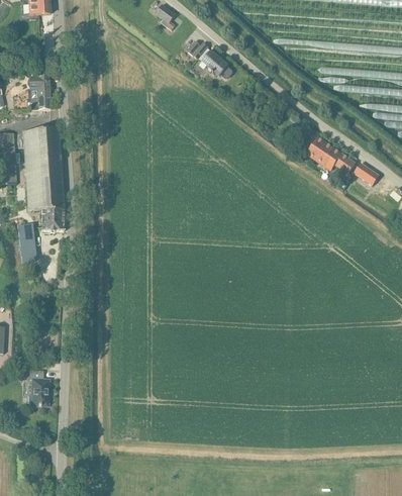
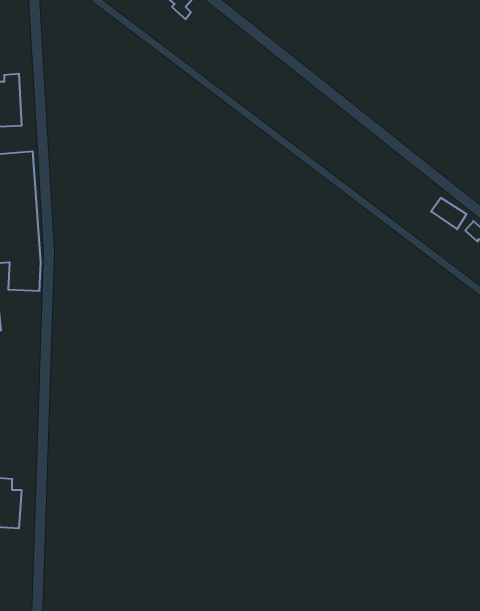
building: [188,39,232,77] -> none
building: [307,136,357,174] -> none

